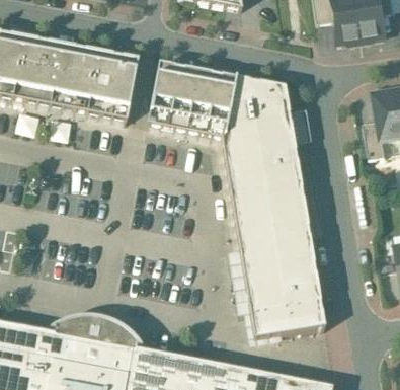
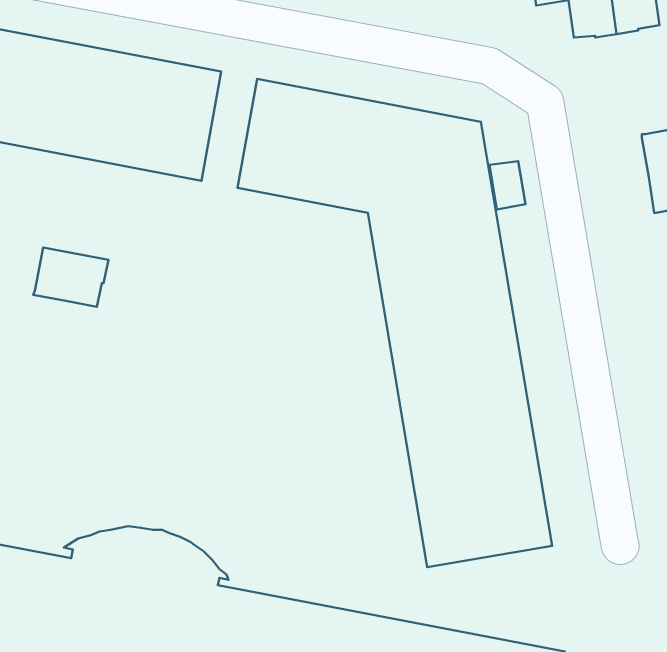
building: [366,118,387,156] -> none
building: none -> [33,248,108,307]

